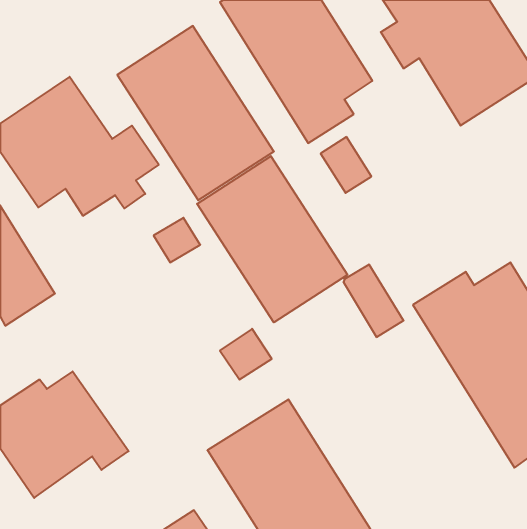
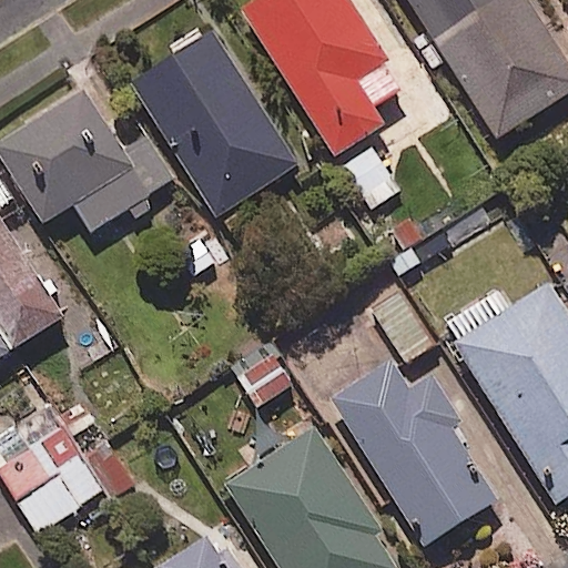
building: [197,156,347,322] -> none
building: none -> [320,359,494,550]

